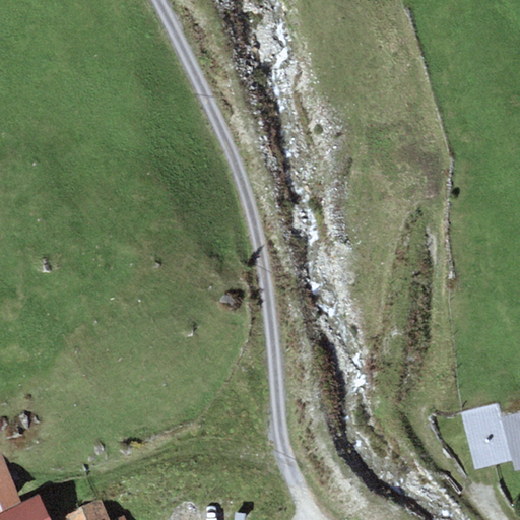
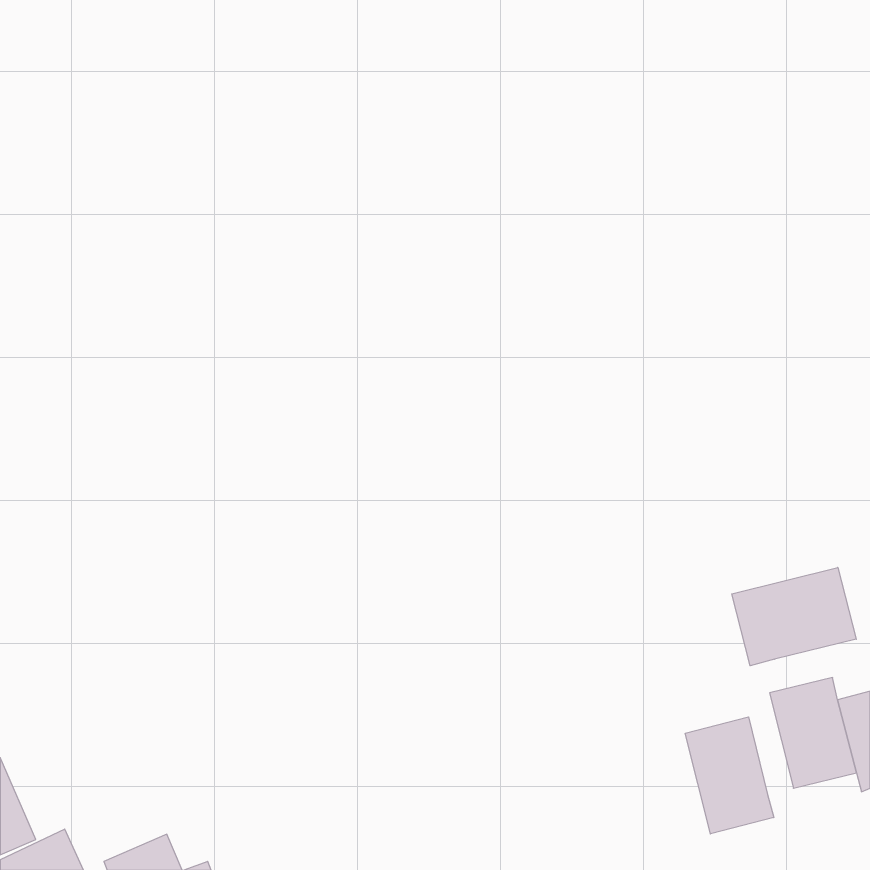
building: none -> [732,567,856,666]
building: none -> [685,717,774,834]

